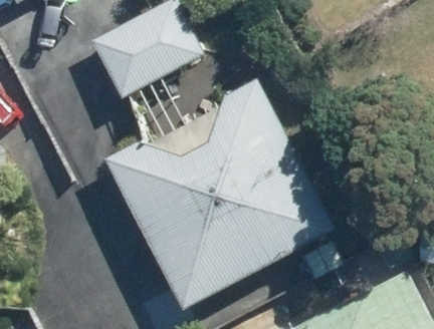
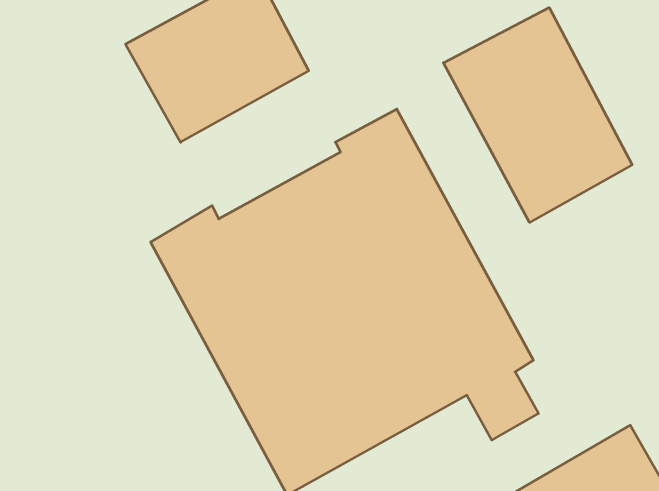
building: none -> [443,8,632,222]

